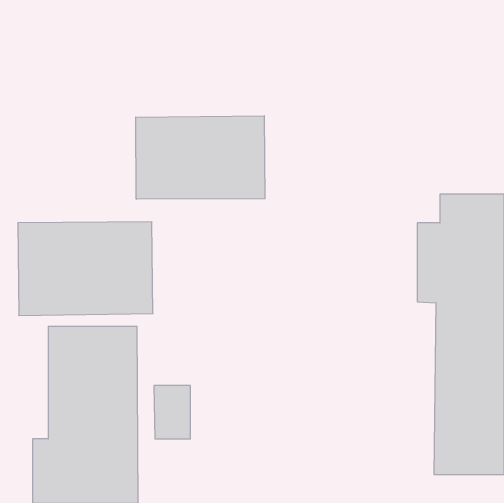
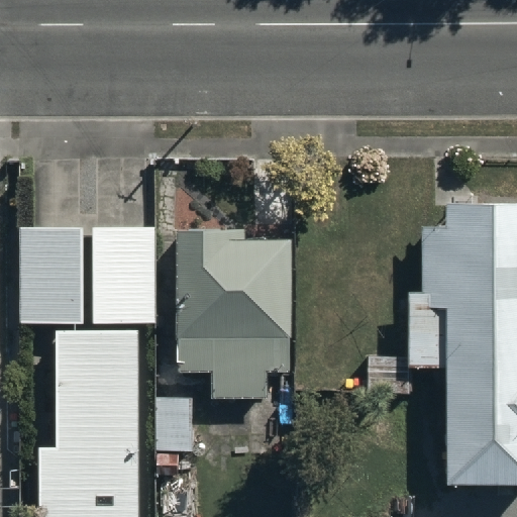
building: [136,116,265,199] -> none
building: none -> [178,232,293,401]

